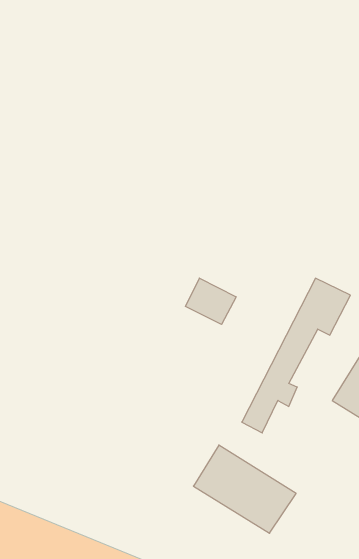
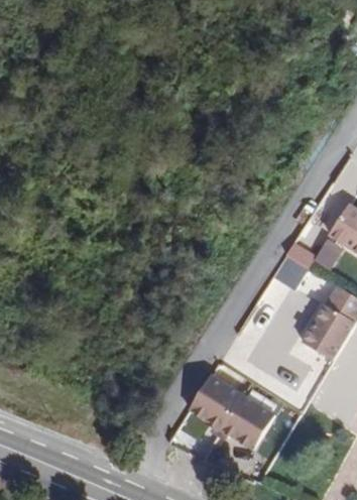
building: [185,278,236,324] -> none

